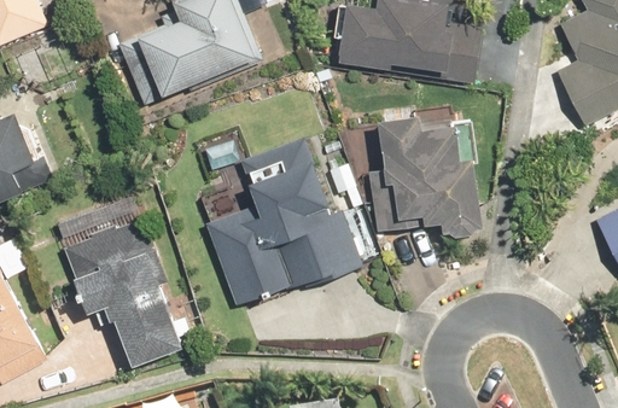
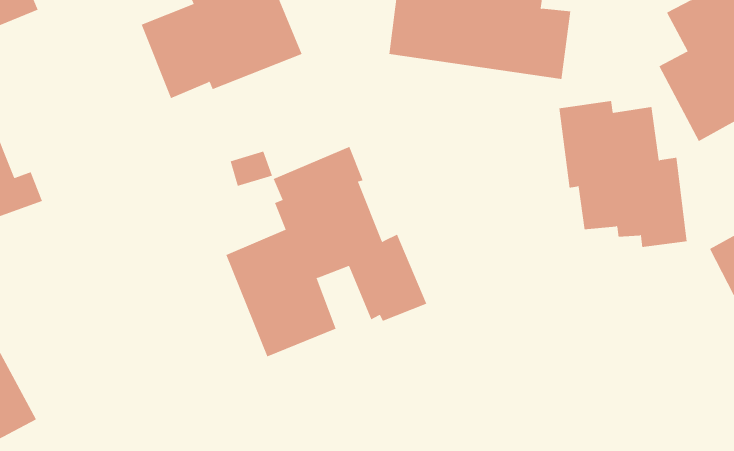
building: [372,113,477,233] -> [559,101,688,248]
building: [64,218,180,368] -> none

